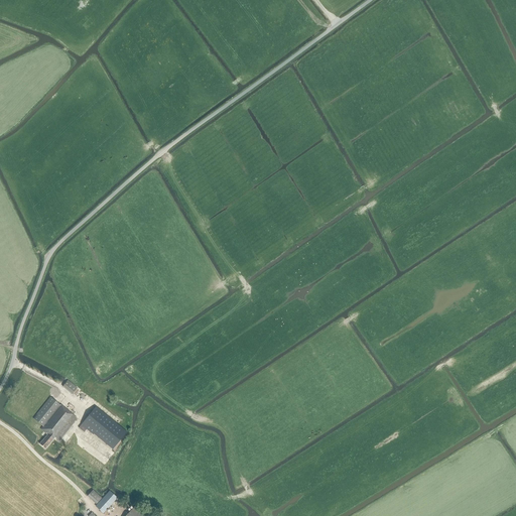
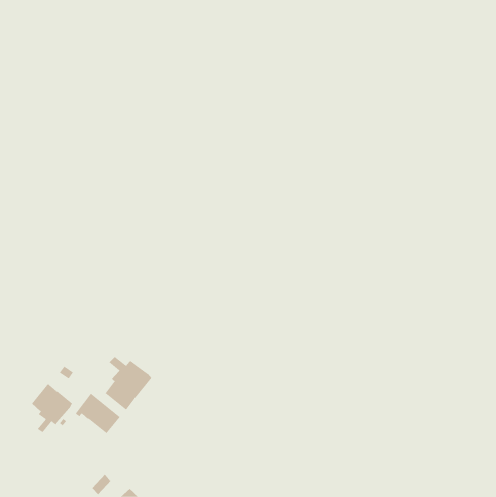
building: none -> [105,356,152,411]

